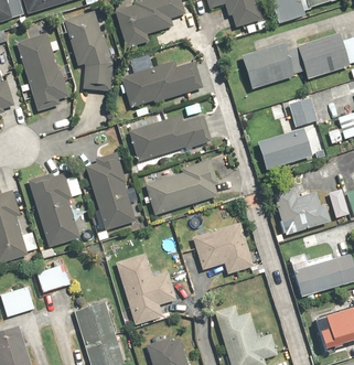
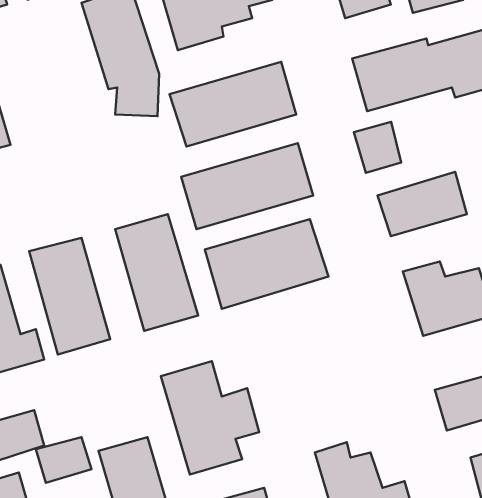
building: [15,31,69,111] -> none
building: [287,95,318,128] -> [354,122,401,173]
building: [190,221,255,275] -> none
building: [36,261,73,291] -> [36,437,92,483]

